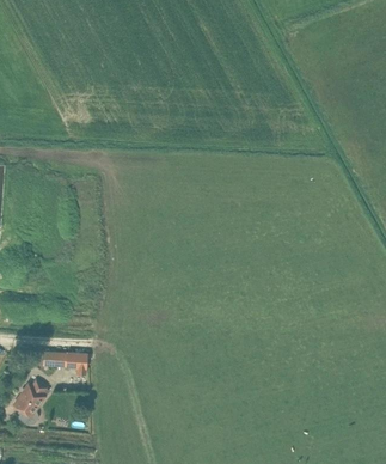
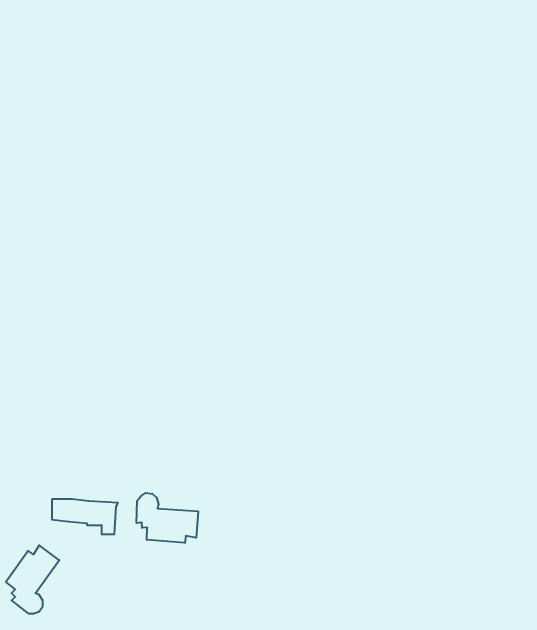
building: none -> [137,493,198,543]

